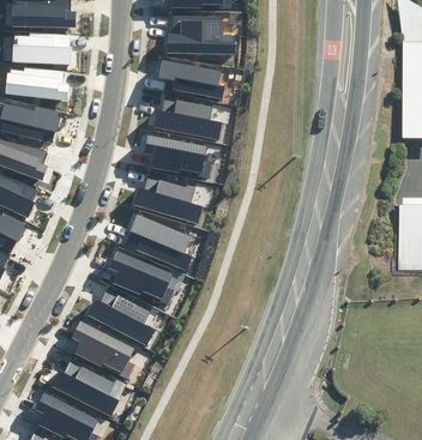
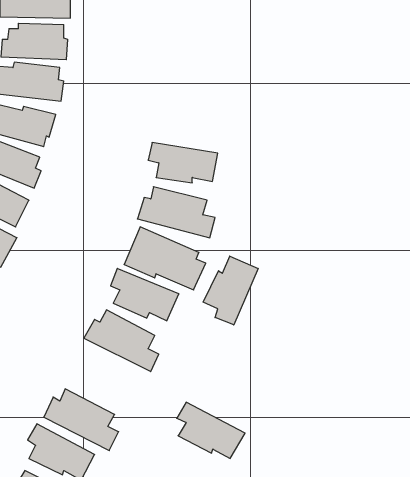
building: [165,19,233,53] -> none
building: [159,62,222,100] -> none
building: [153,97,222,140] -> none
building: none -> [203,256,258,325]
building: [70,319,131,369] -> [177,402,245,458]

